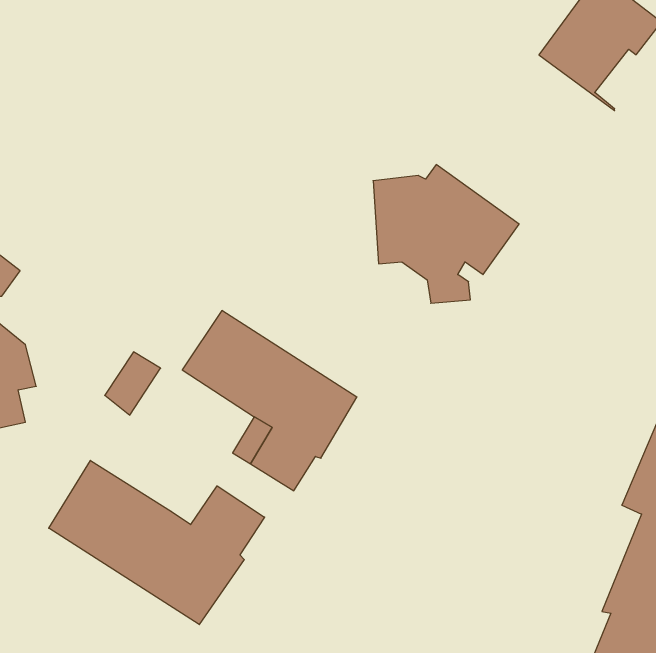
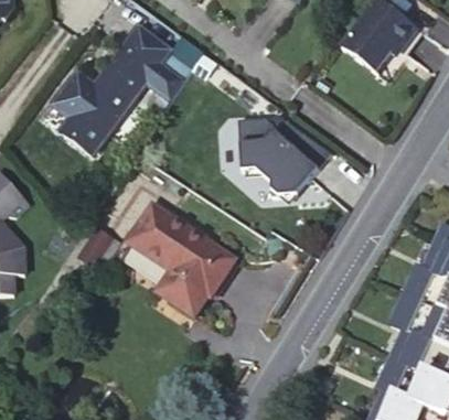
building: none -> [52,25,190,155]
building: [49,460,265,625] -> none

